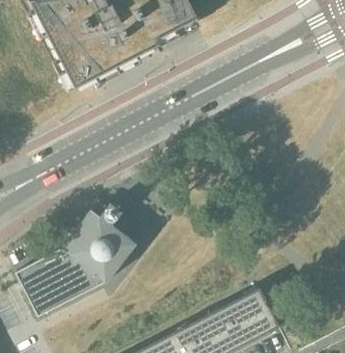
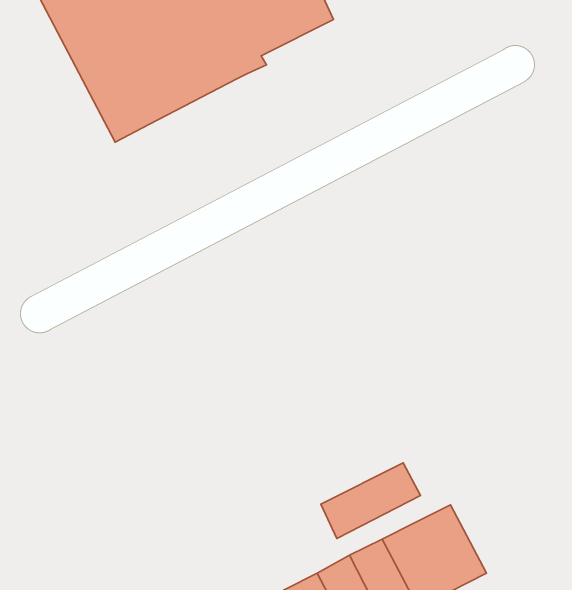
building: [15,205,135,317] -> none
building: none -> [321,463,420,538]

